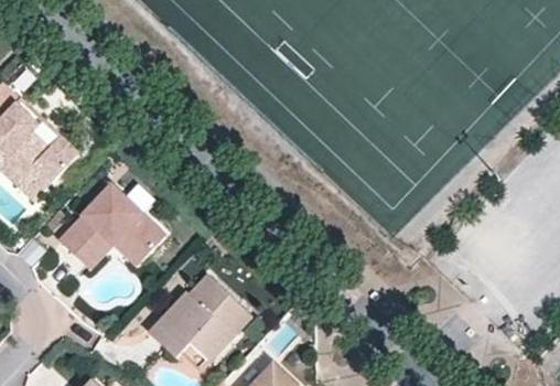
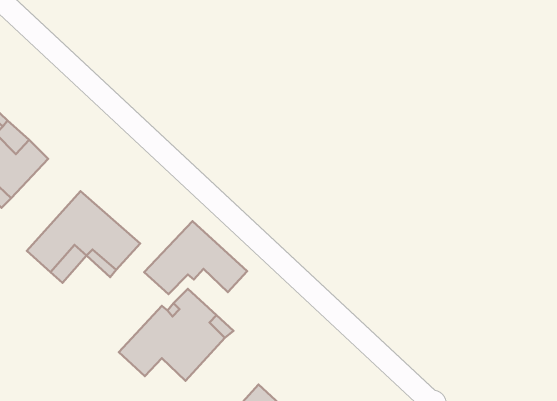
building: none -> [144,221,247,294]

